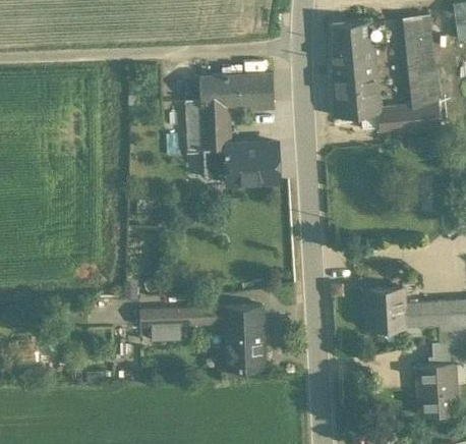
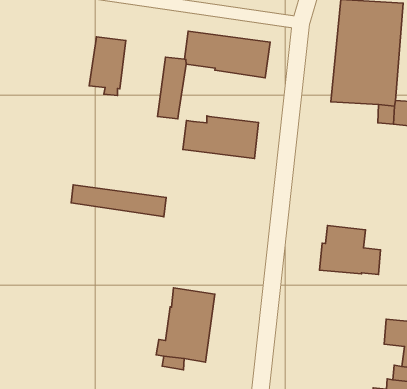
building: [201,107,230,158] -> [89,37,126,95]
building: [365,288,420,331] -> [320,226,381,275]
building: [140,309,226,328] -> [71,185,166,217]

